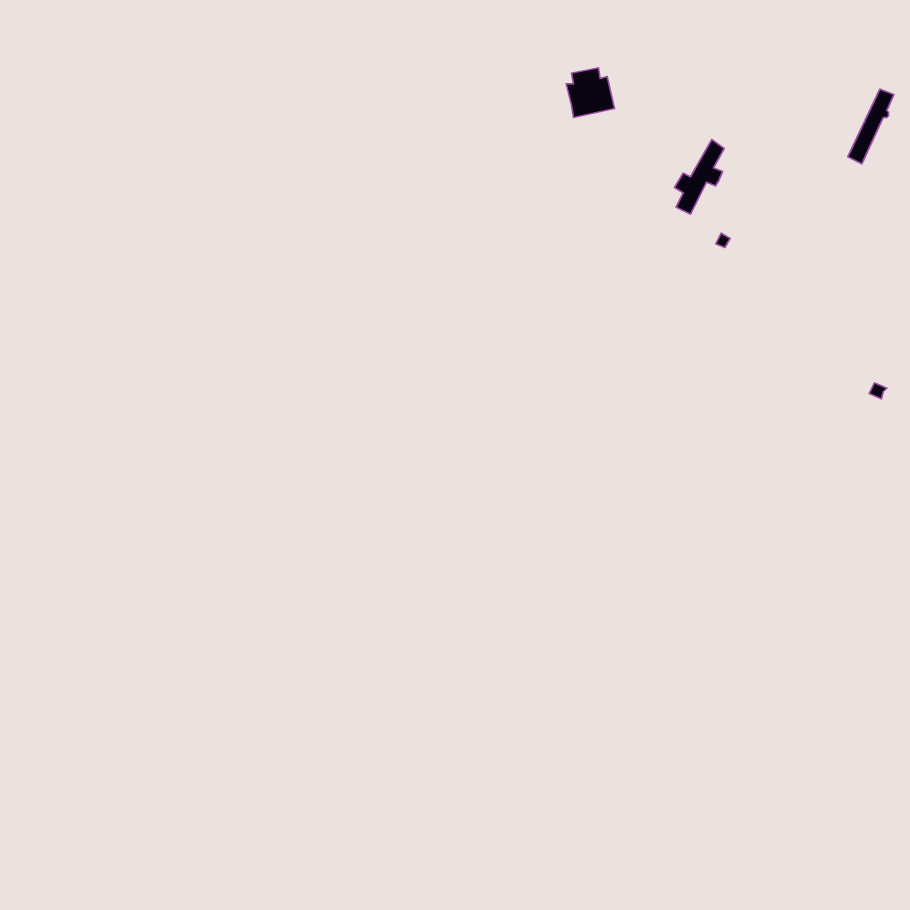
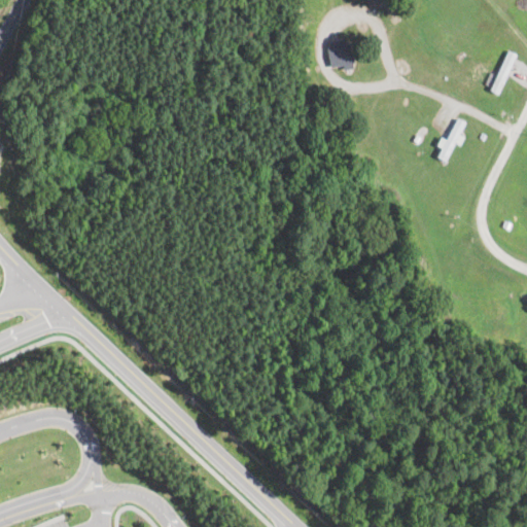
building: [674,139,724,214] -> [436,118,465,162]

